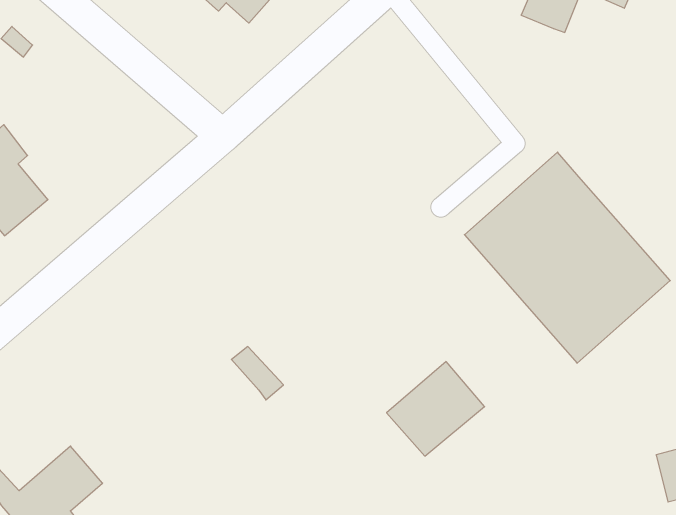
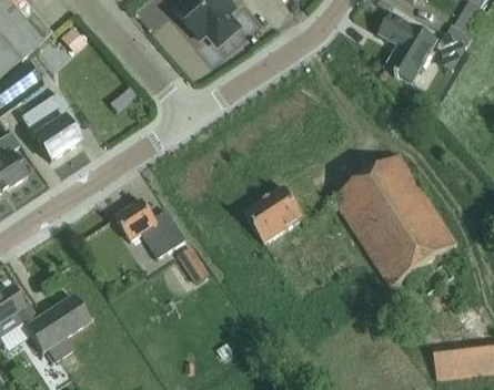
building: none -> [114,199,186,257]
building: [387,362,485,456] -> [243,186,304,243]

